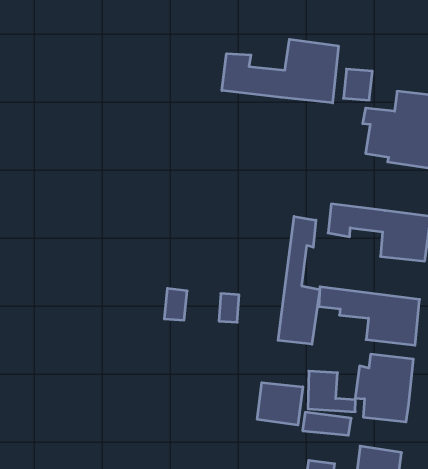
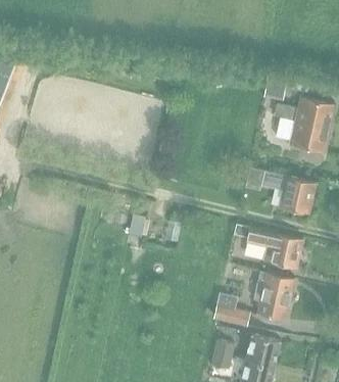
building: [222,39,338,103] -> none
building: [278,216,320,344] -> none
building: [257,383,303,425] -> none

